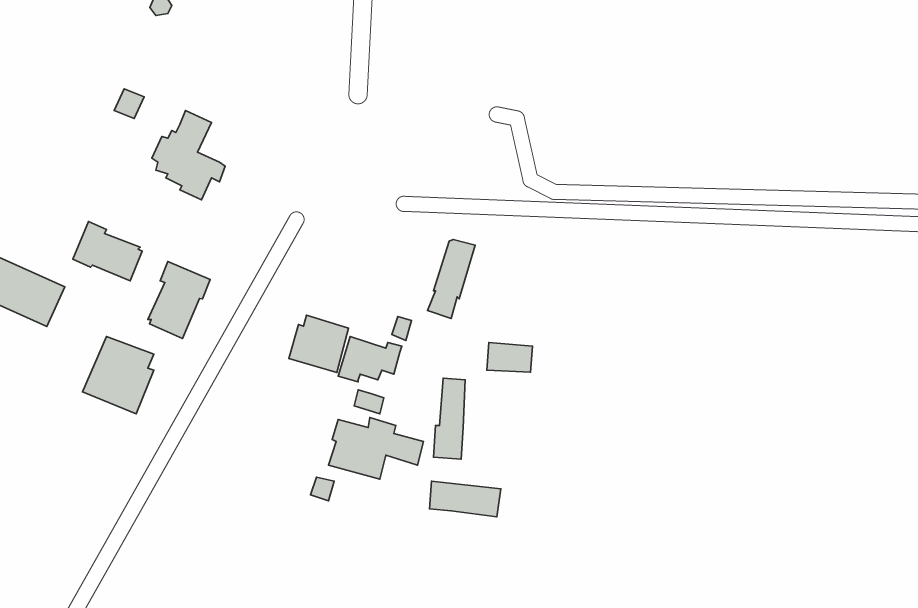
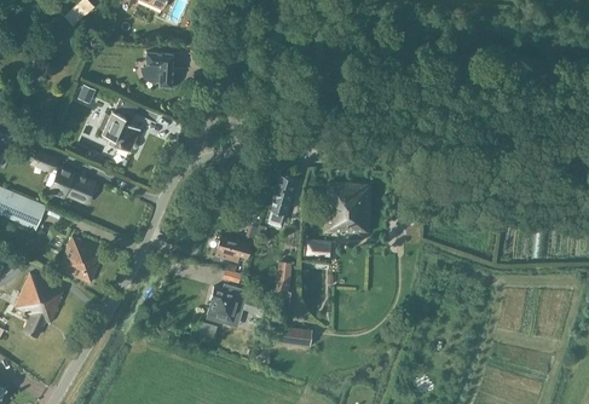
building: none -> [143,51,173,88]
building: none -> [325,183,370,233]
building: [148,262,210,339] -> none
building: [289,315,349,372] -> none
building: none -> [13,272,63,336]

